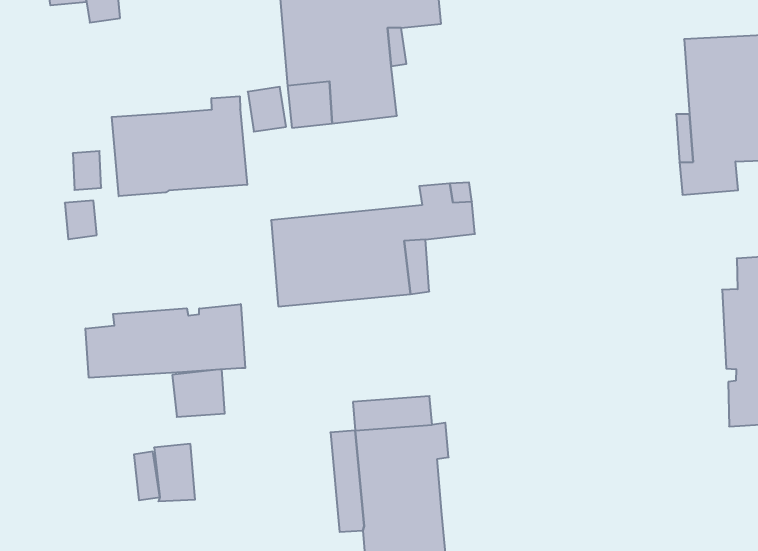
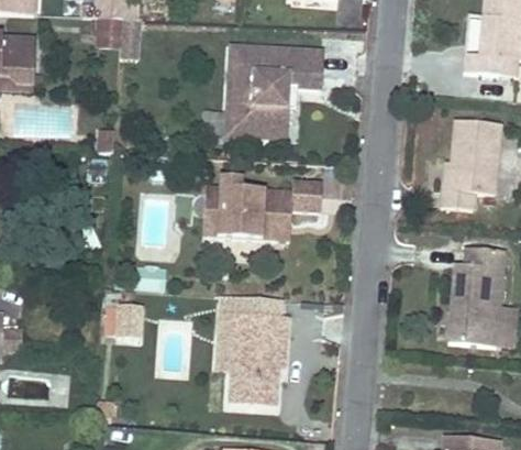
building: [112,96,247,196] -> none
building: [86,304,245,378] -> none

